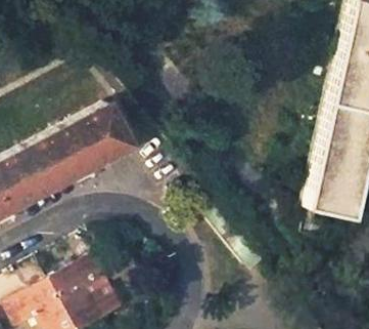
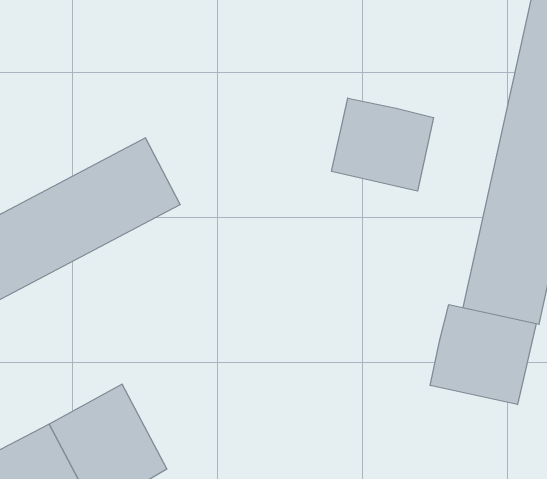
building: none -> [332,98,434,191]
building: none -> [430,305,536,405]

